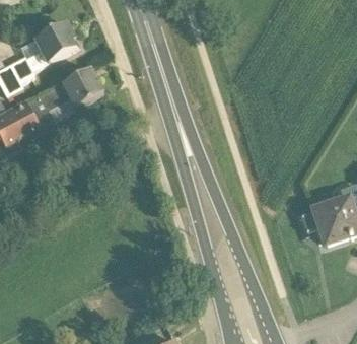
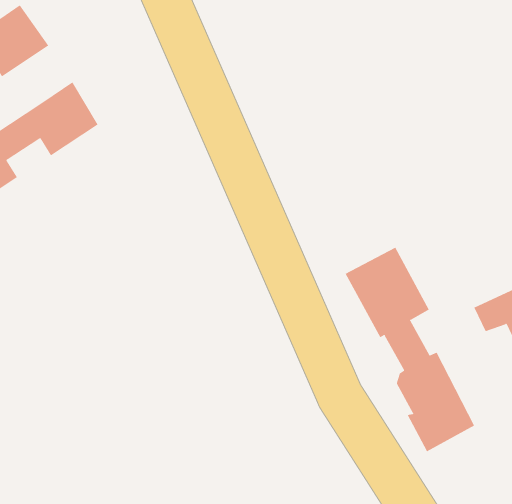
building: none -> [345,247,475,452]

